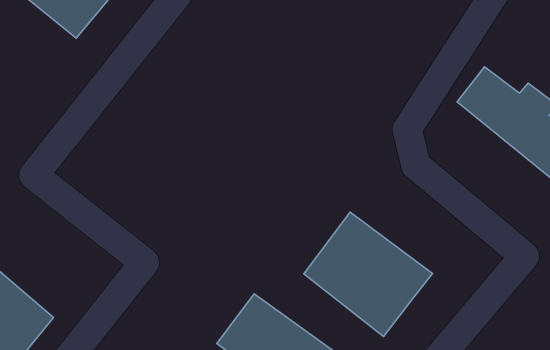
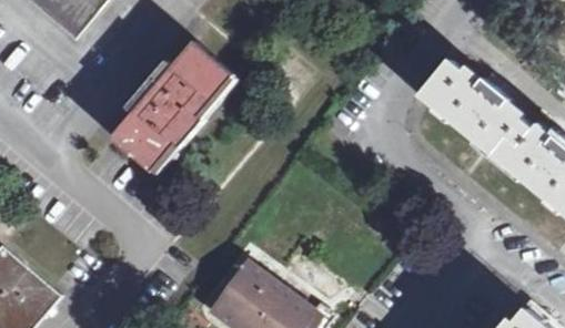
building: none -> [120,47,233,172]
building: [304,212,432,336] -> none

